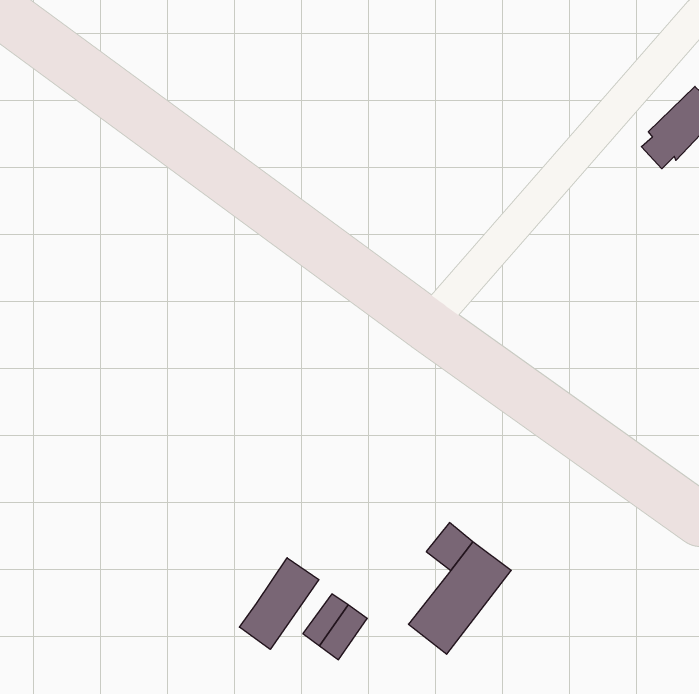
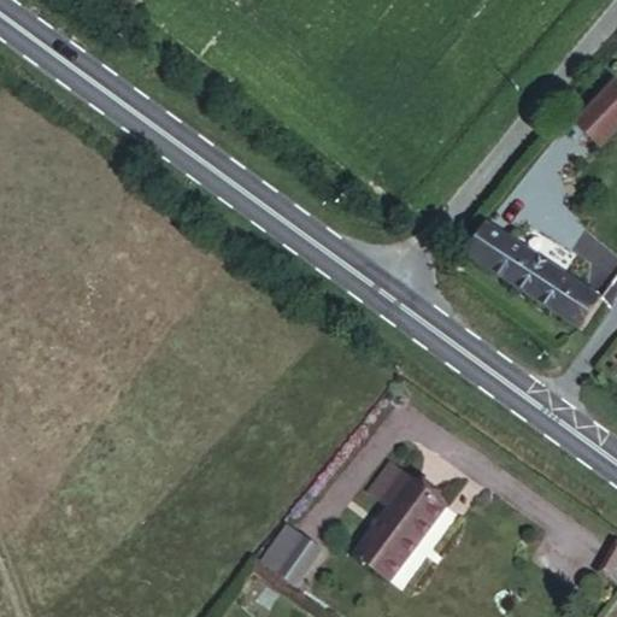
building: none -> [451,215,592,324]
building: [239,558,319,649] -> none

